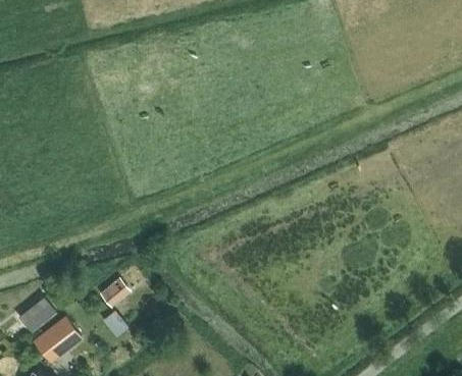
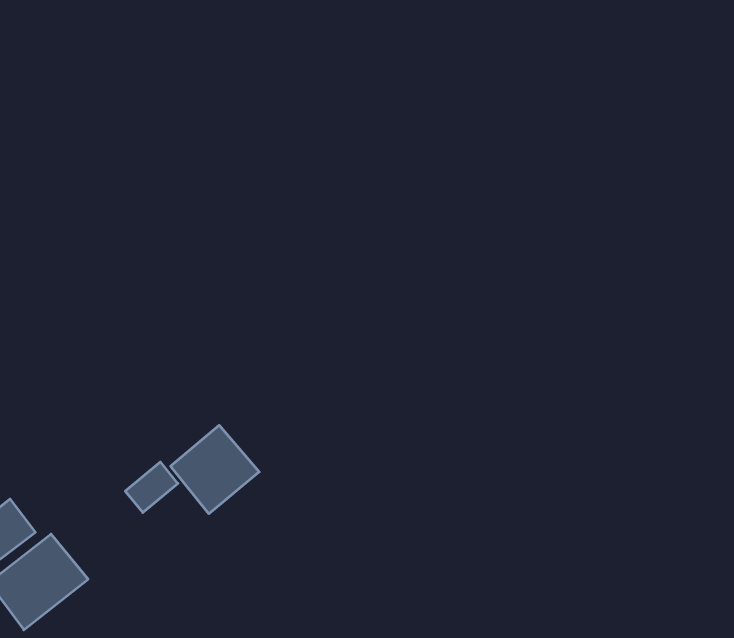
building: none -> [171,425,259,514]

